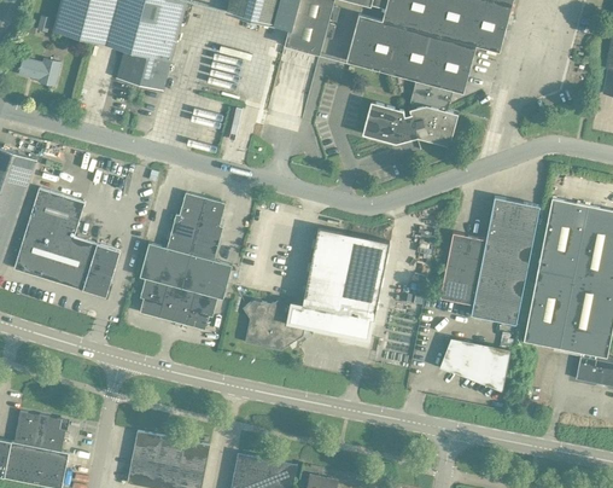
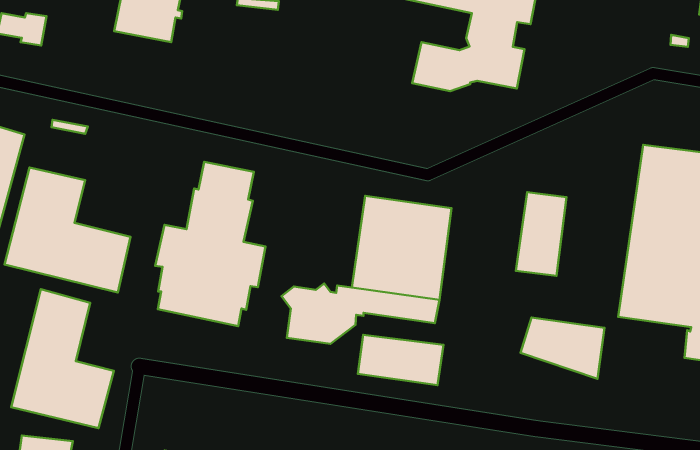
building: [471,196,539,324] -> none
building: none -> [11,289,114,428]
building: none -> [358,335,443,385]

